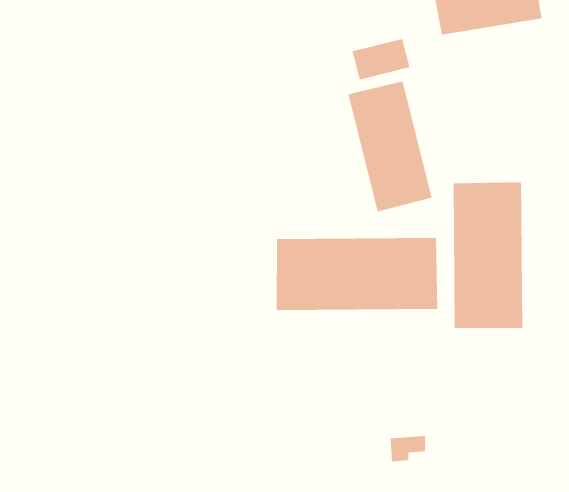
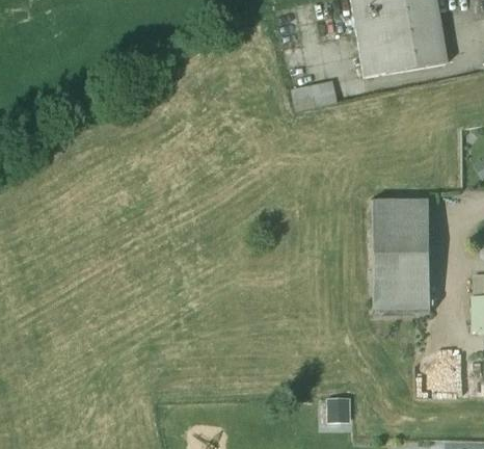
building: [348,81,433,213] -> none
building: [276,237,438,311] -> none

